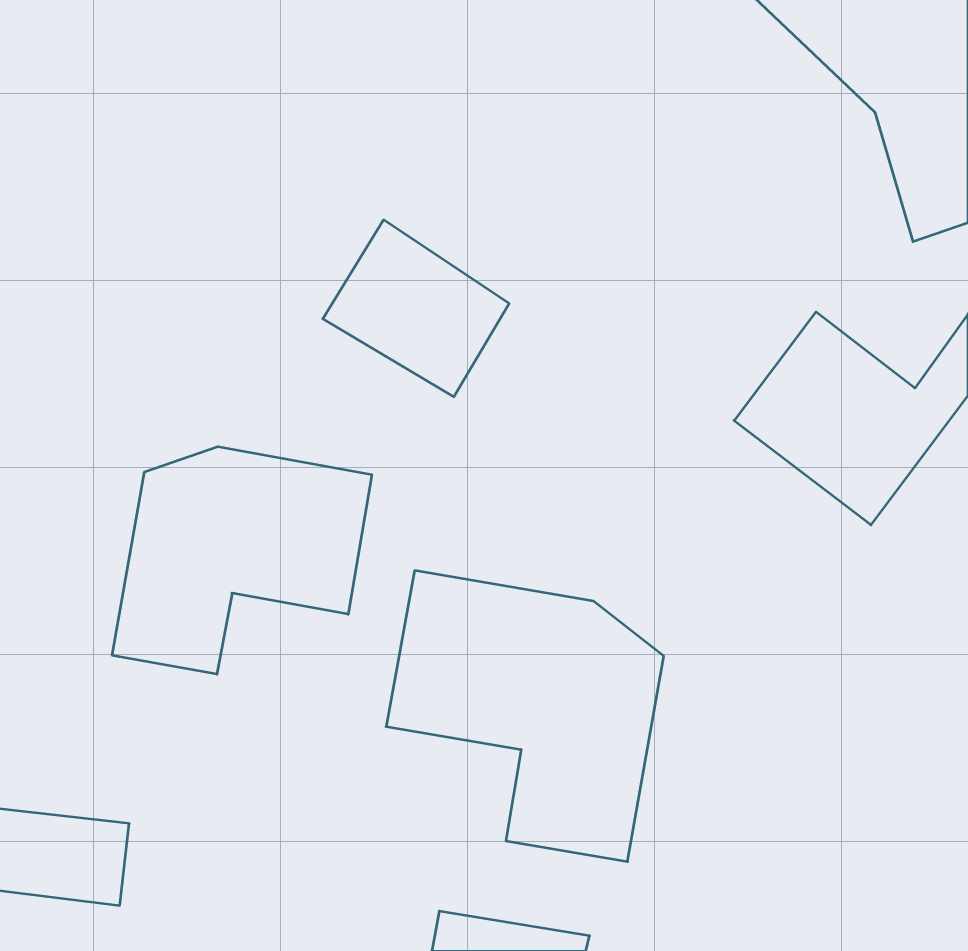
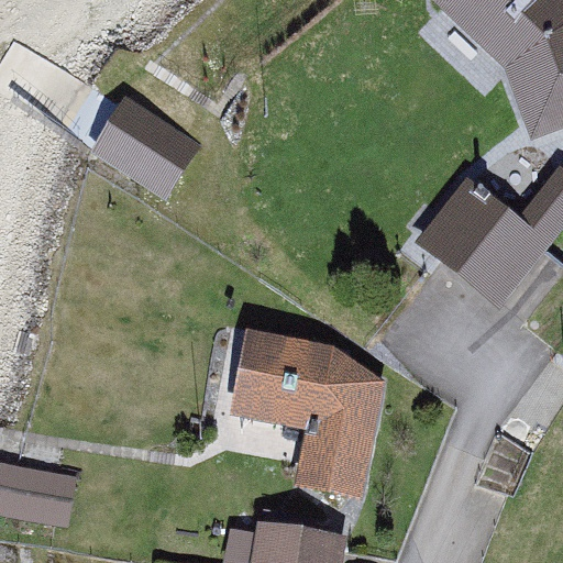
building: [323,220,509,397] -> [92,97,200,199]
building: [112,447,372,674] -> none

